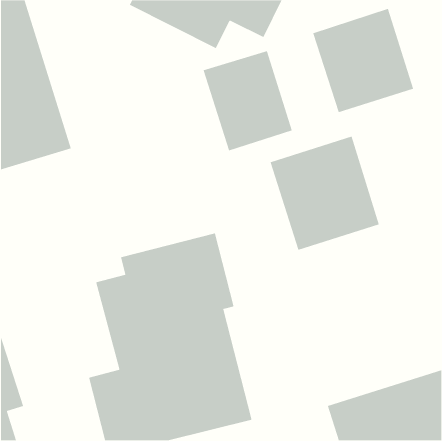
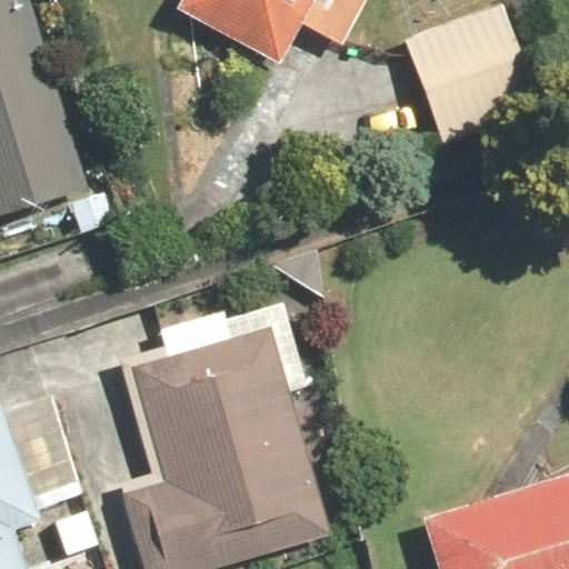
building: [203,50,293,151] -> none
building: [269,136,380,251] -> none

